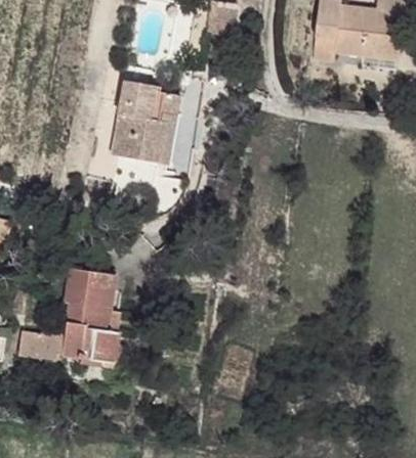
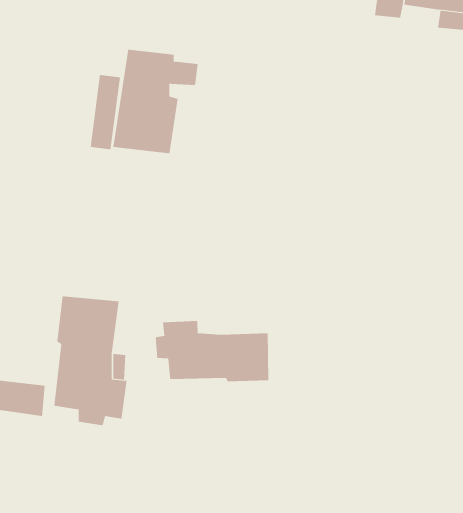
building: [155,108,177,164] -> none
building: none -> [155,320,269,382]

